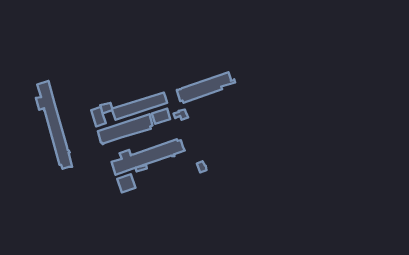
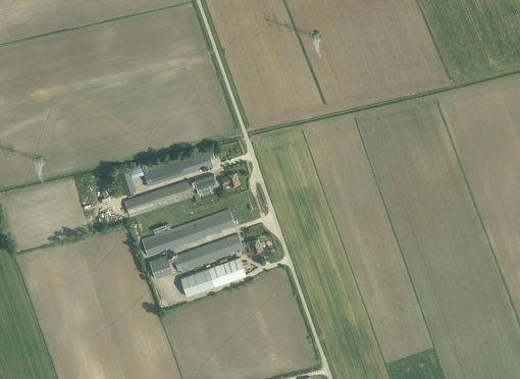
building: [177,72,235,103] -> [172,233,246,272]
building: [36,81,72,169] -> none
building: none -> [179,257,245,295]

